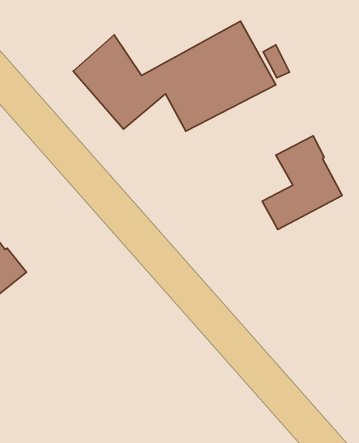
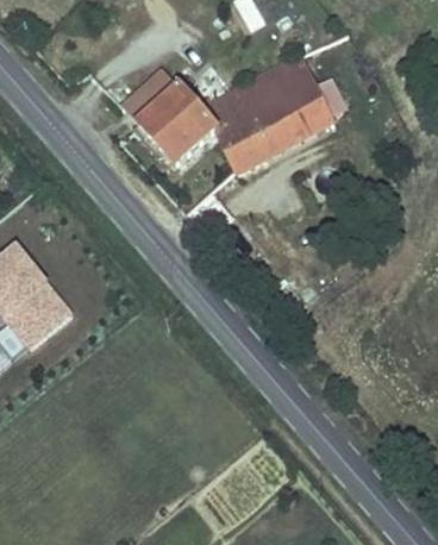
building: [262,136,342,229] -> none

